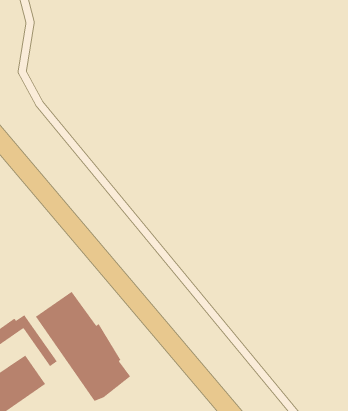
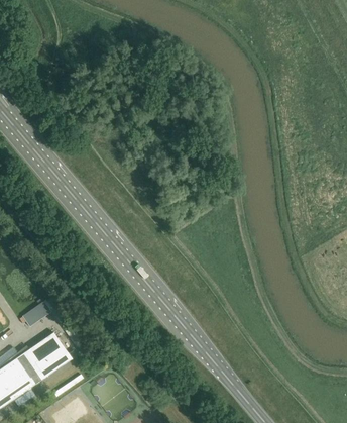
building: [35,291,131,402] -> none

